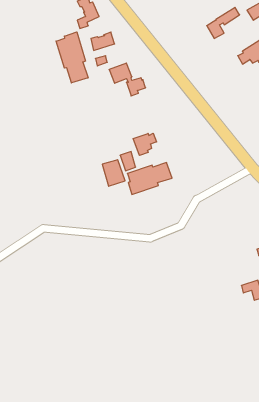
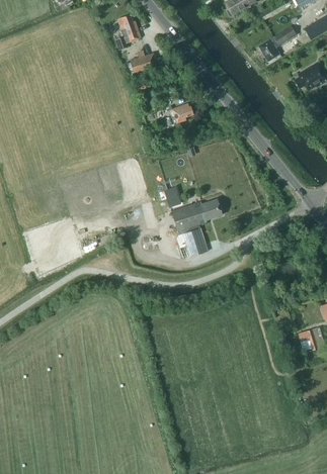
building: [56,32,88,83] -> none
building: [133,133,157,155] -> none
building: [102,160,125,186] -> [180,227,206,257]

